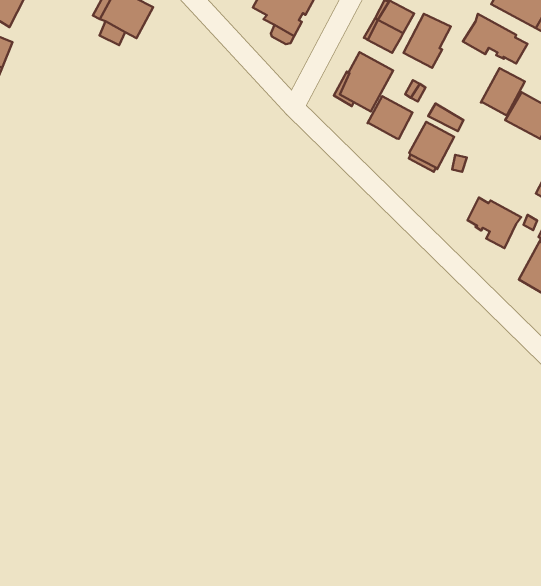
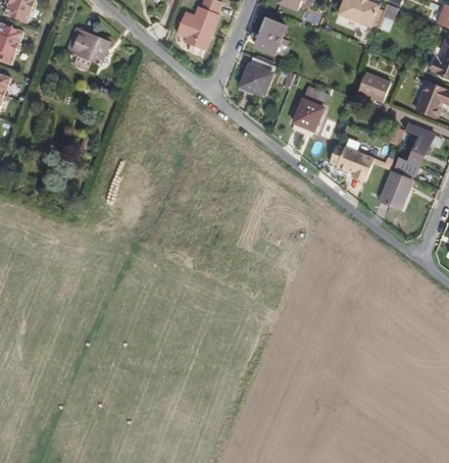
building: [403,14,451,68] -> none
building: [463,14,528,63] -> none
building: [481,68,525,115] -> none
building: [367,96,413,139] -> none

